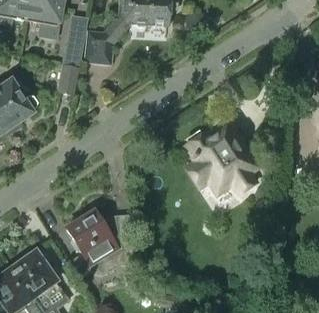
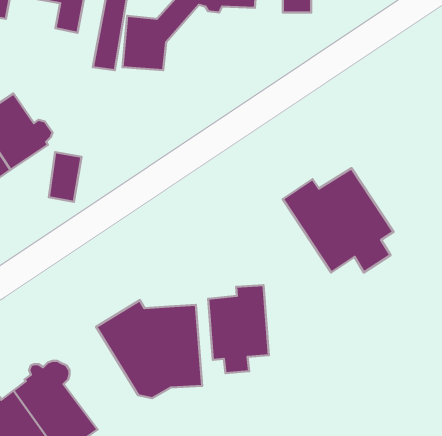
building: [56,63,77,95] -> [49,152,82,202]
building: none -> [208,285,269,373]

